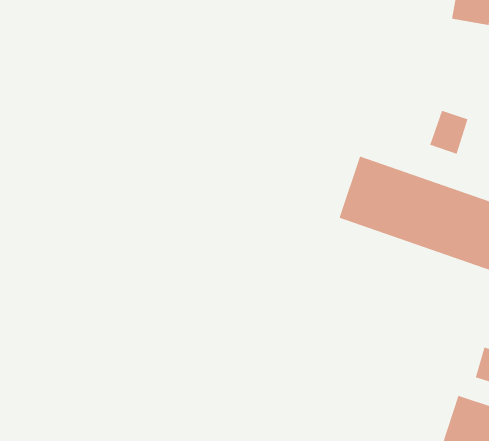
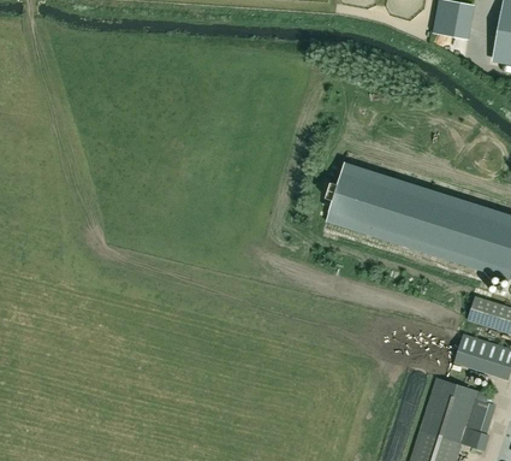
building: [429,110,469,155] -> none

